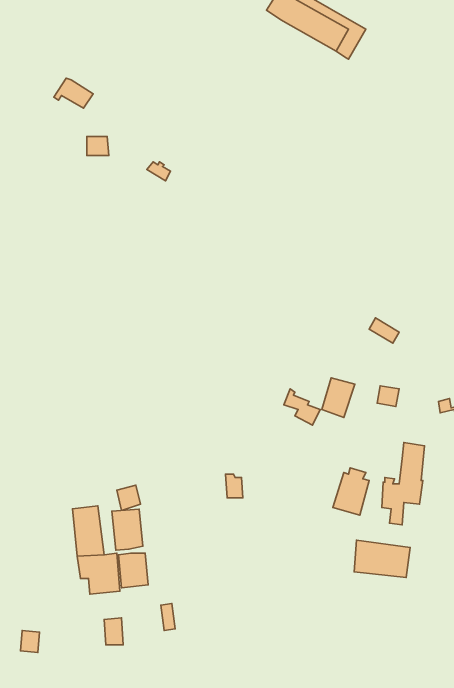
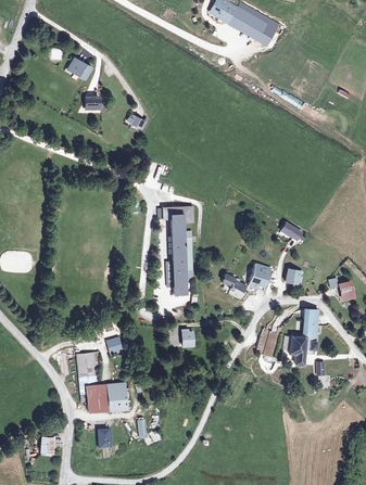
building: none -> [162,206,193,294]
building: [112,509,143,550] -> none
building: [354,540,410,577] -> none

